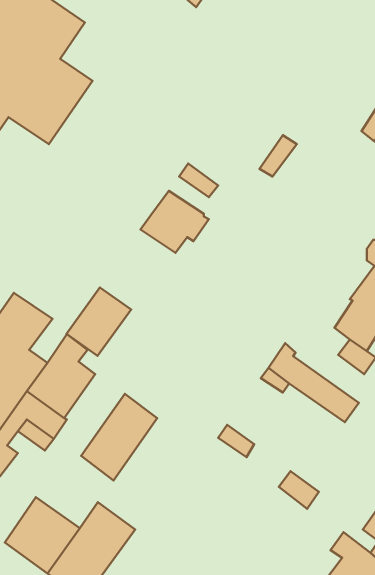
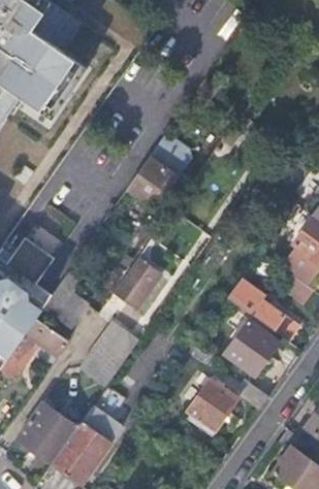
building: [66,287,131,356] -> [113,255,164,309]
building: none -> [225,320,280,374]
building: none -> [189,378,237,429]

